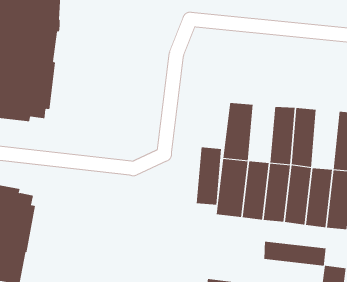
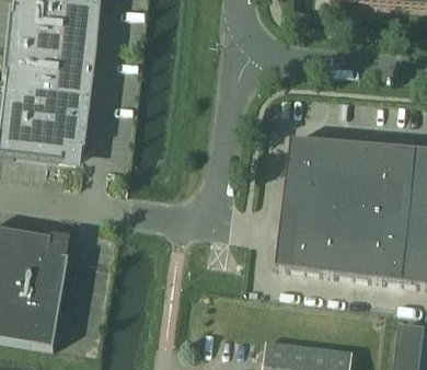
building: none -> [385,144,416,213]
building: [196,147,222,205] -> [313,139,343,206]
building: [264,241,326,266] -> none

